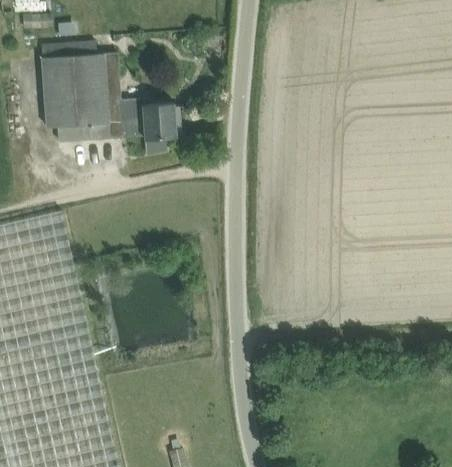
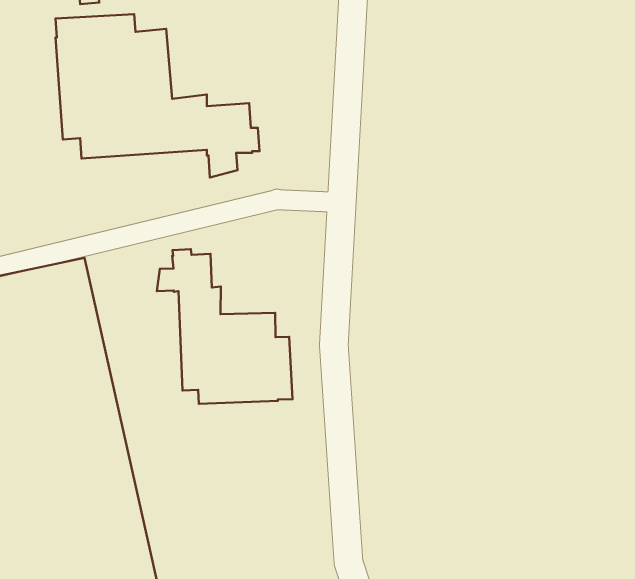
building: none -> [157,249,292,404]

